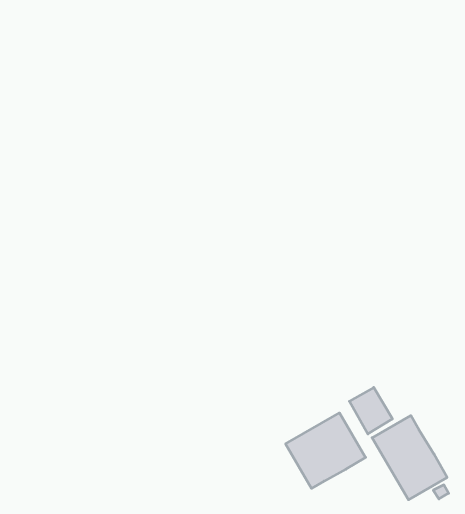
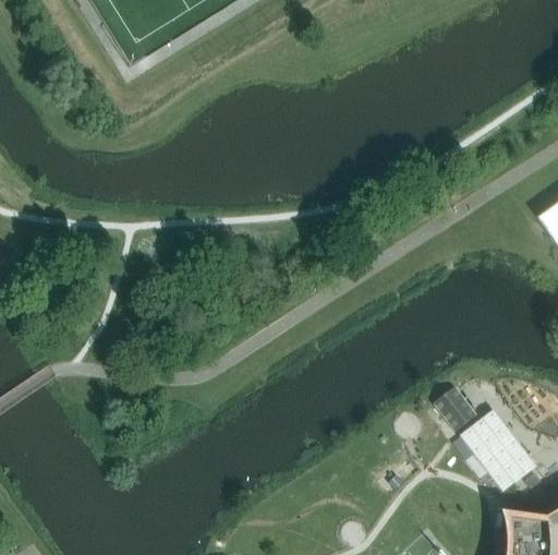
building: [286,413,366,488] -> none

